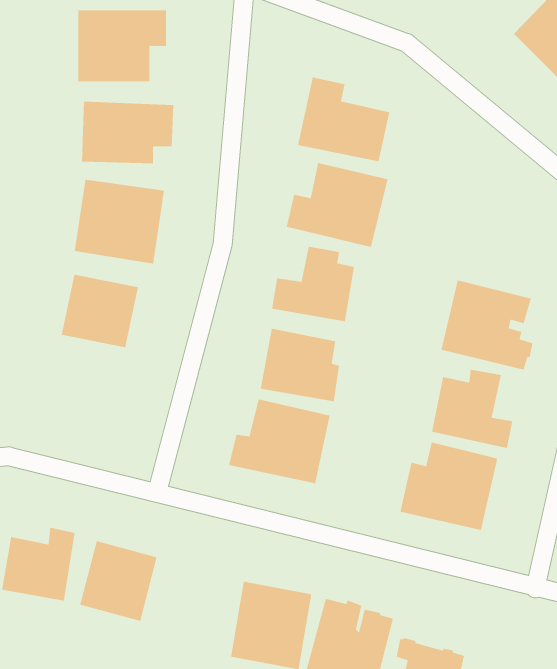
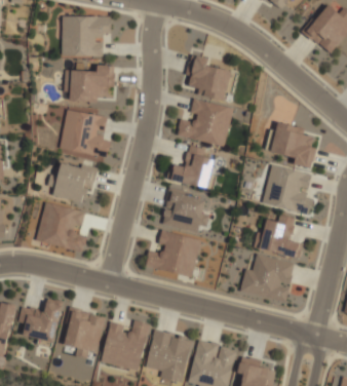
building: none -> [272,122,317,168]
building: none -> [37,201,87,252]
building: none -> [102,320,151,371]

